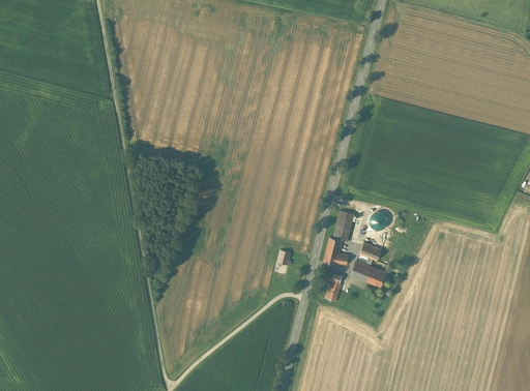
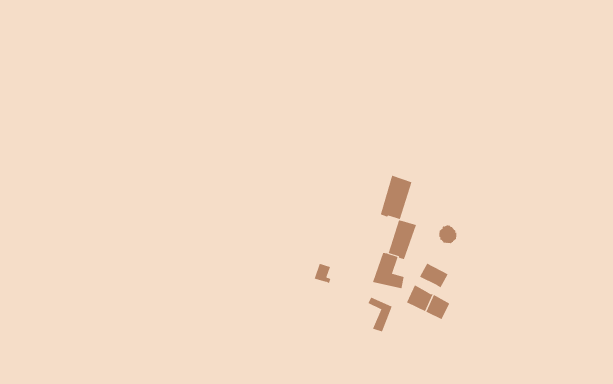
building: none -> [380,175,412,220]

